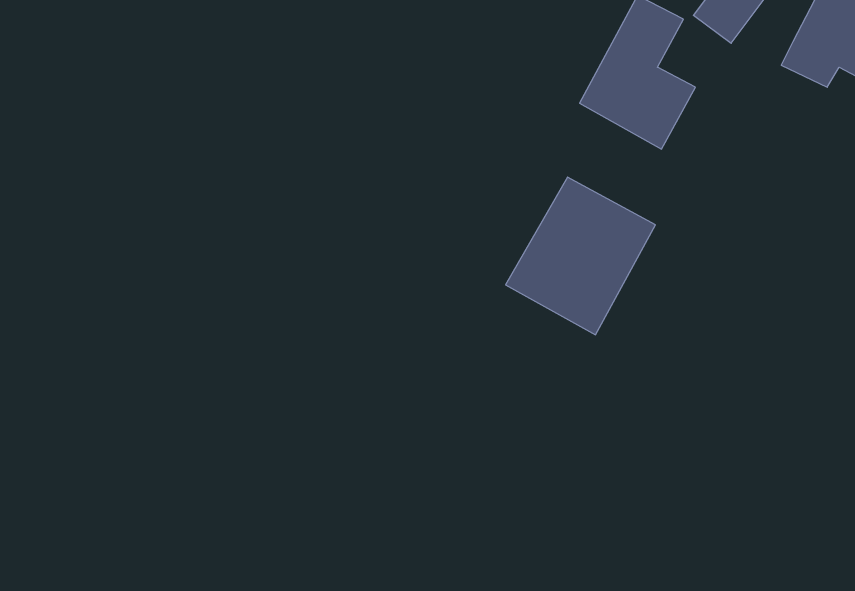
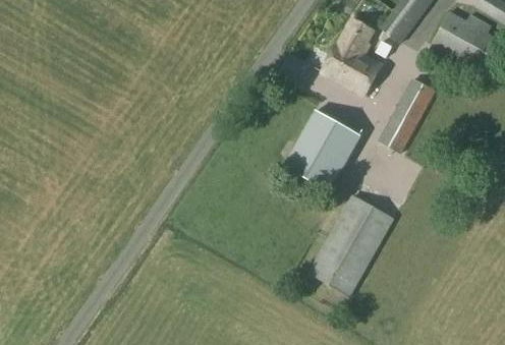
building: none -> [381,78,436,153]
building: none -> [313,193,383,285]

